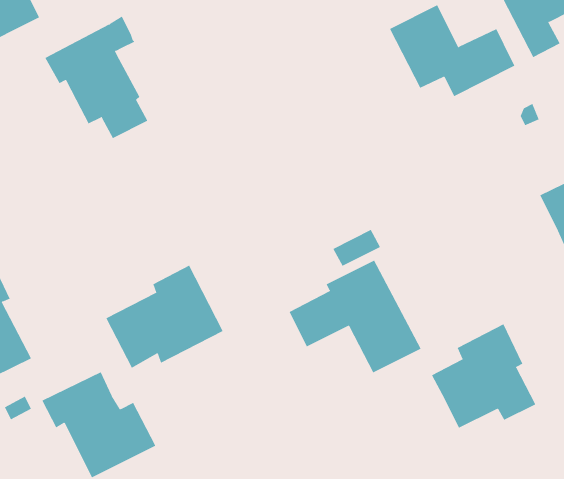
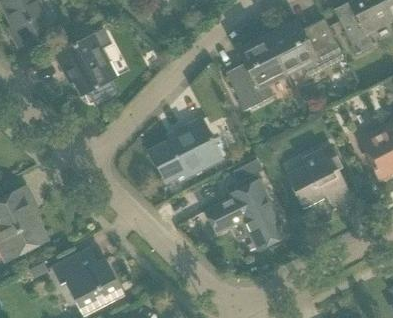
building: none -> [225,35,286,109]
building: [105,265,224,368] -> [149,117,222,181]
building: [431,324,536,429] -> [285,142,350,207]

